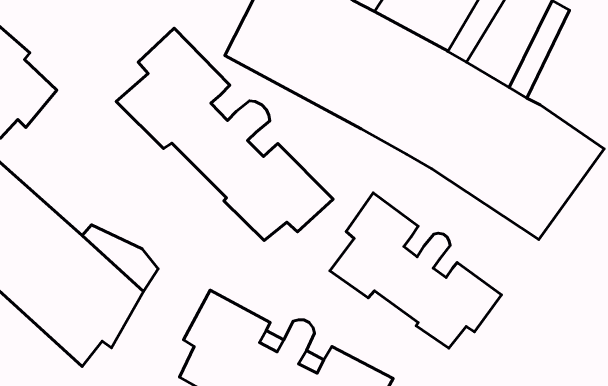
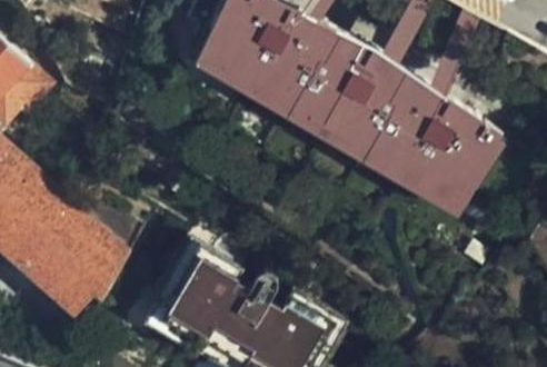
building: [116,28,333,240] -> none
building: [330,193,501,348] -> none

